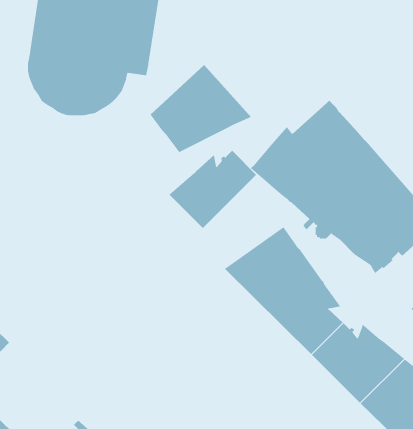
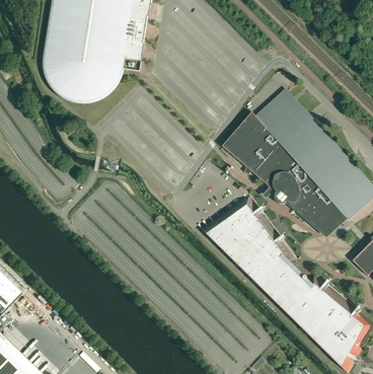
building: [150,64,252,153] -> none
building: [168,150,257,229] -> none

